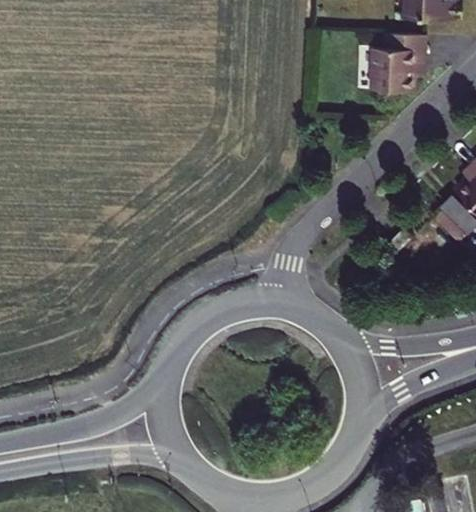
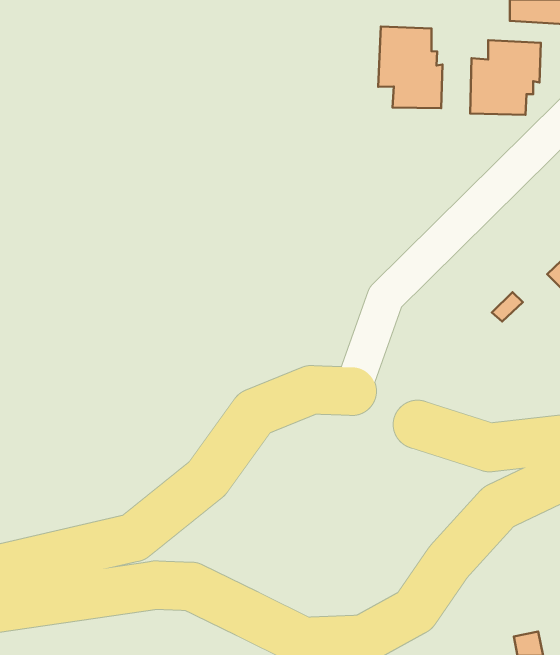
building: none -> [378,26,442,108]

